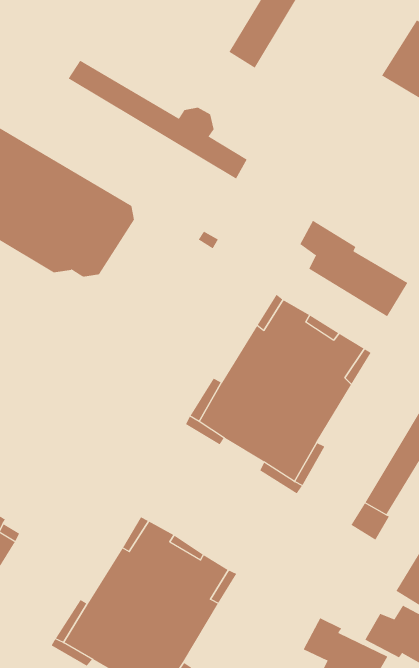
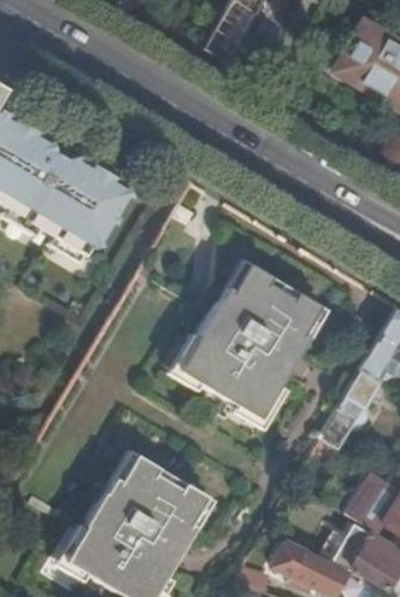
building: [68,60,248,179] -> none
building: [299,220,408,317] -> none

